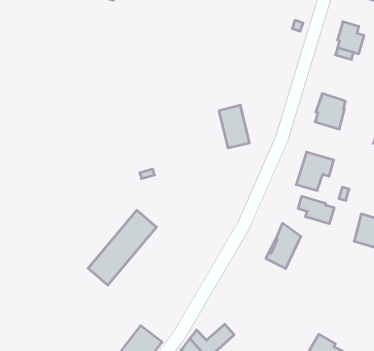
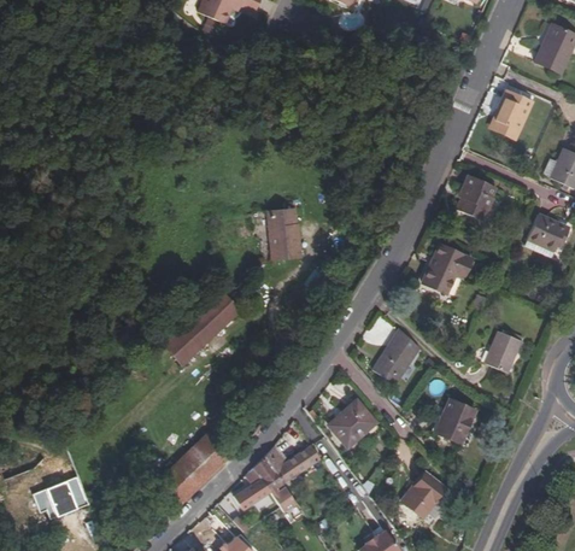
building: [219,105,249,148] -> [268,207,300,258]
building: [298,196,334,224] -> none
building: none -> [435,398,476,442]
building: none -> [328,399,376,446]

